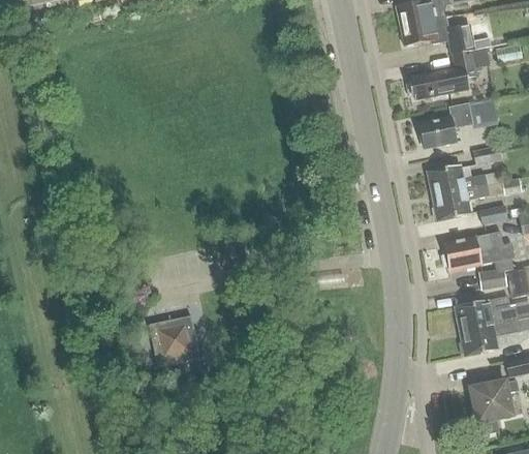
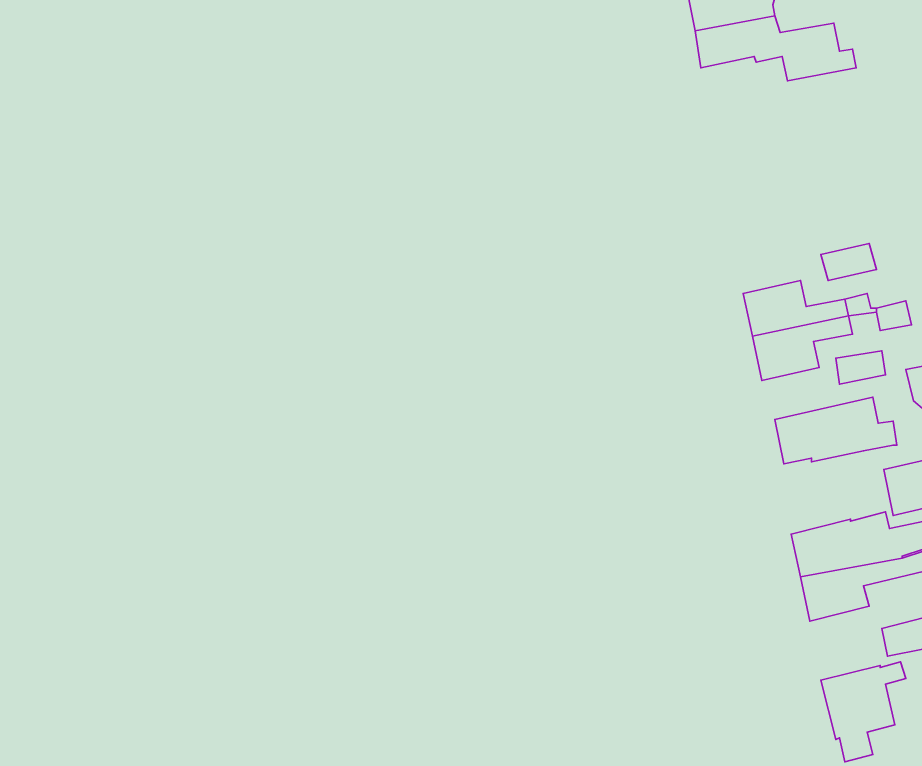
building: [410,48,489,98] -> none
building: [418,99,497,149] -> none
building: [479,256,512,289] -> none
building: [149,314,200,366] -> none

